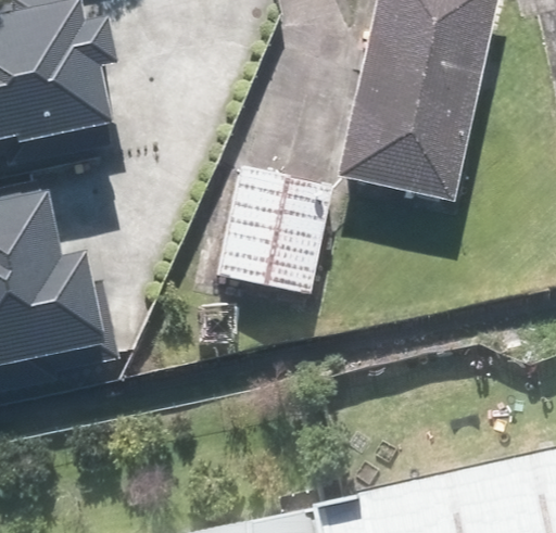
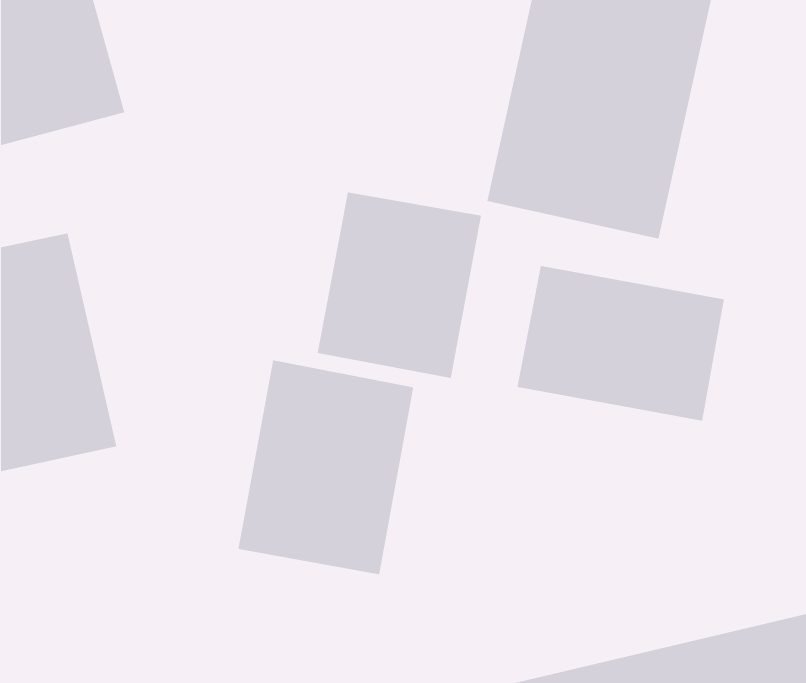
building: none -> [517,265,725,422]
building: none -> [238,360,414,575]

